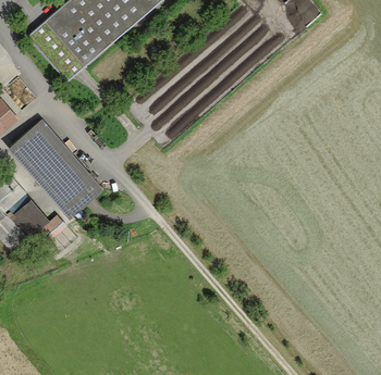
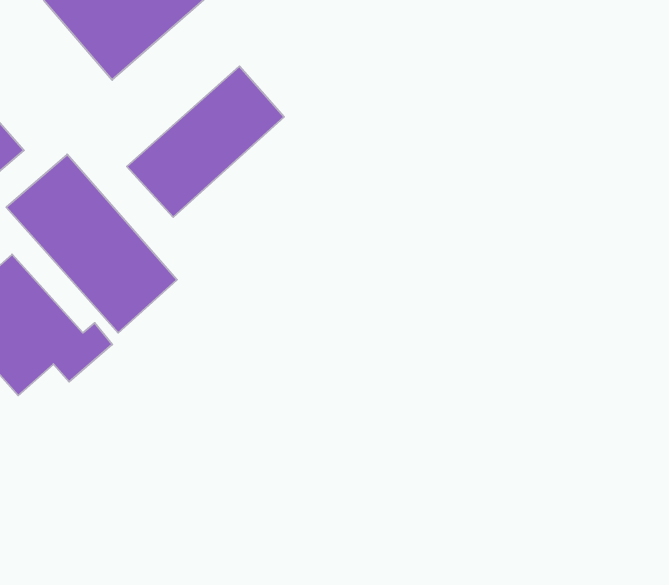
building: none -> [127,66,284,217]

